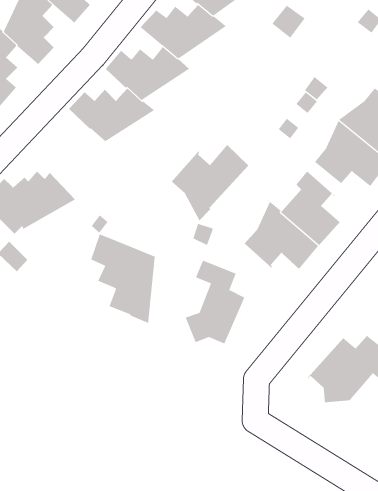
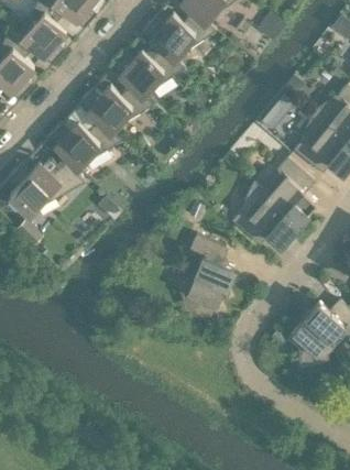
building: none -> [46,121,121,168]
building: [171,144,249,223] -> none
building: [91,233,155,324] -> none

